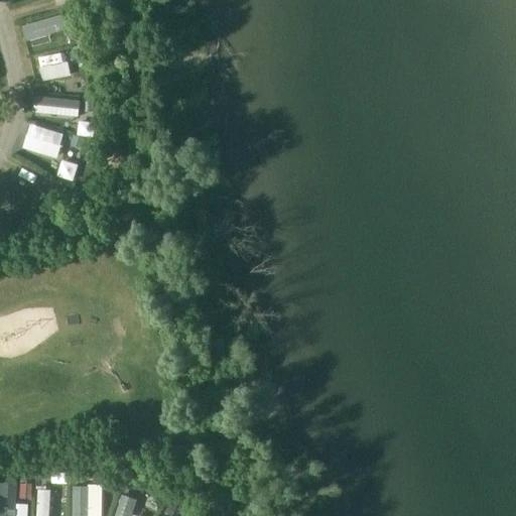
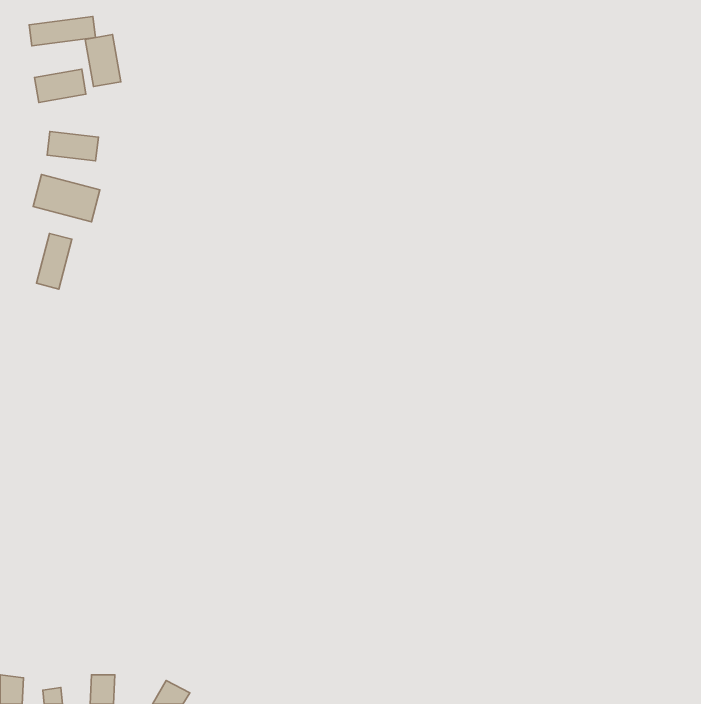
building: none -> [85,35,121,87]
building: none -> [36,233,72,289]

